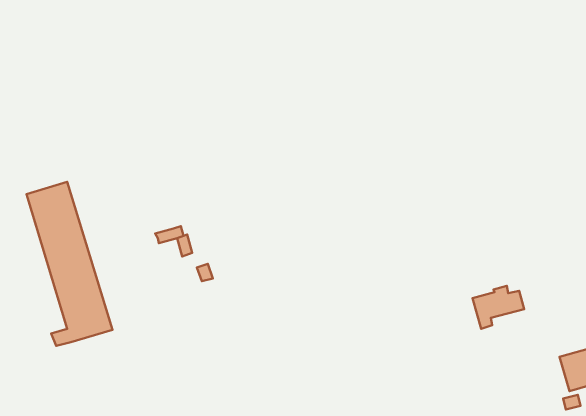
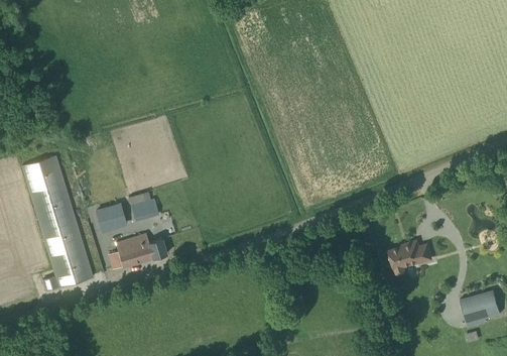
building: none -> [97,208,126,230]
building: none -> [108,235,166,269]

